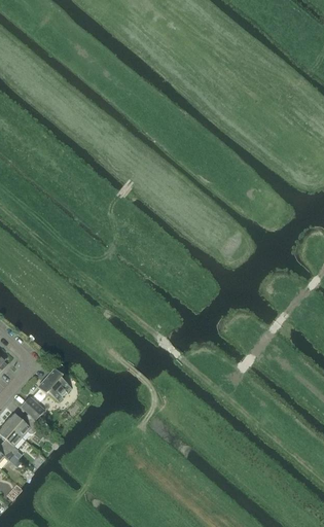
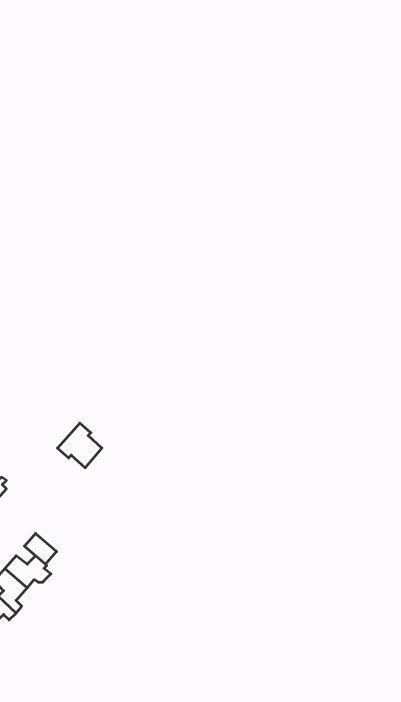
building: [37,367,70,400] -> [57,423,102,468]

